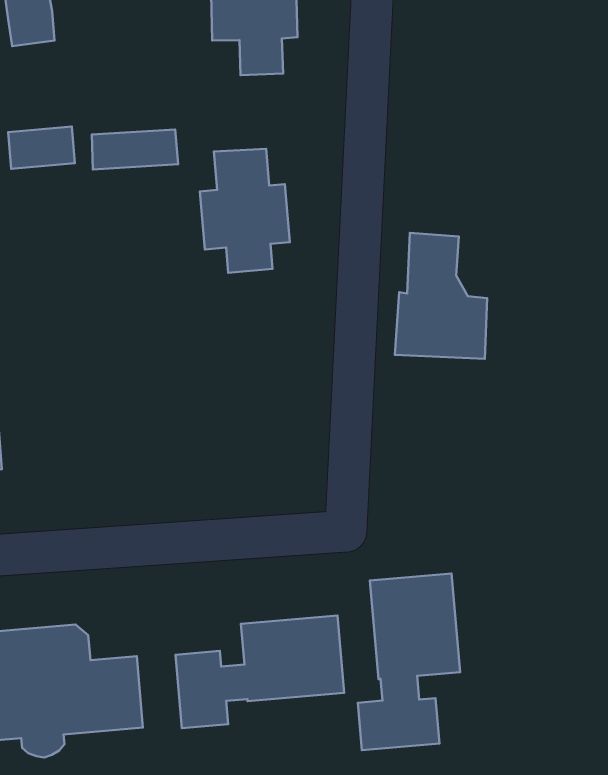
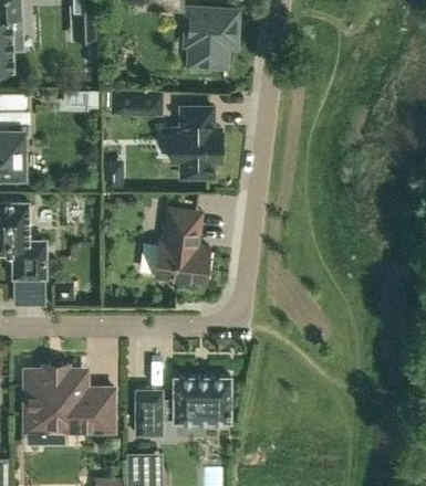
building: [395,233,487,359] -> [155,209,210,284]
building: [358,573,460,750] -> none

